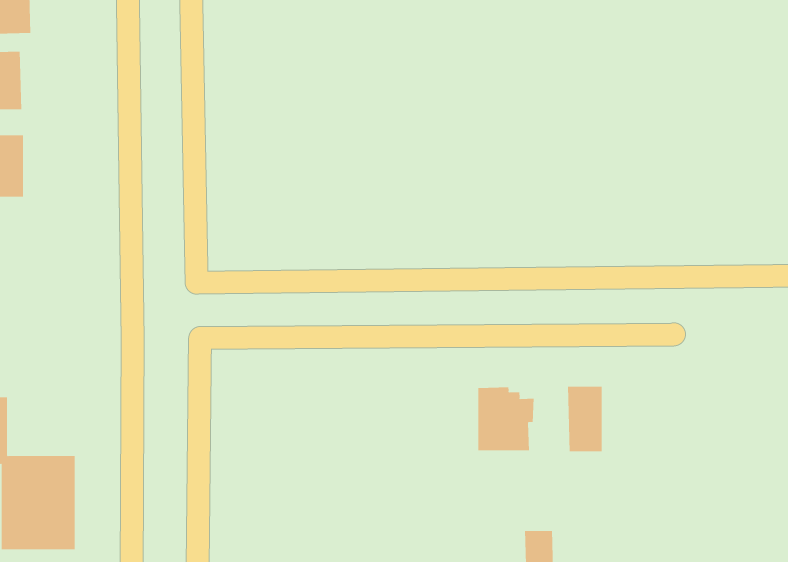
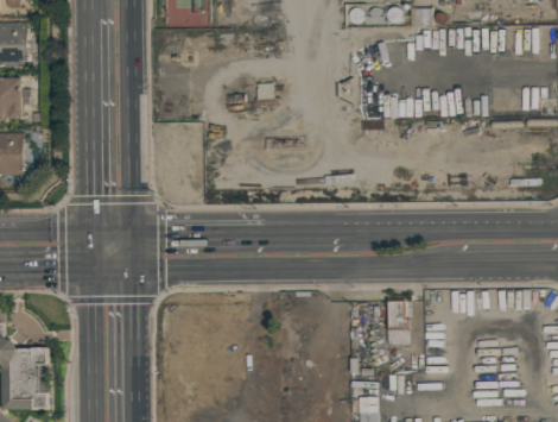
building: [478,386,534,451] -> none

